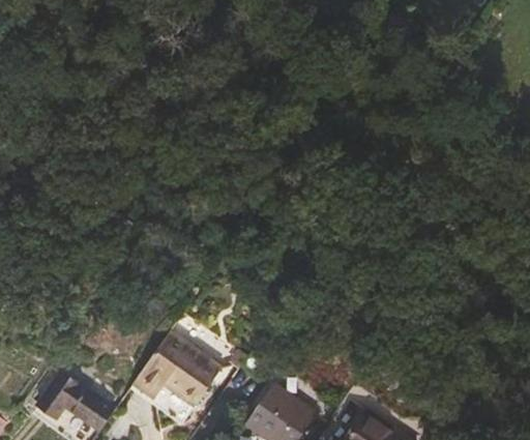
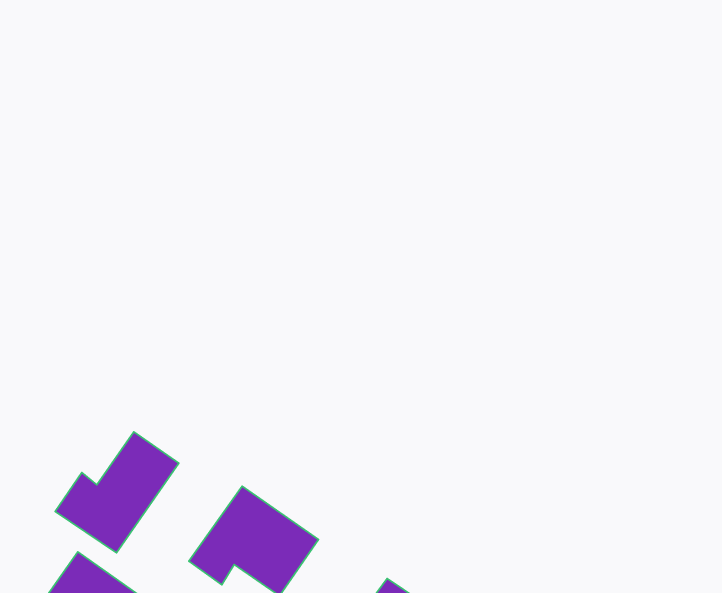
building: none -> [55,432,179,553]

